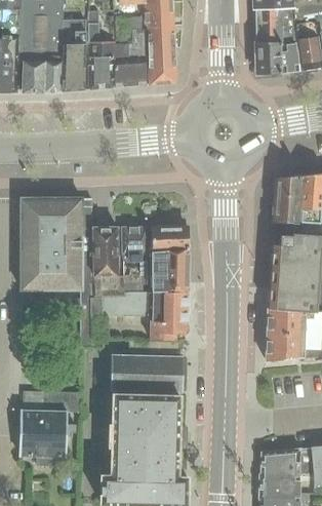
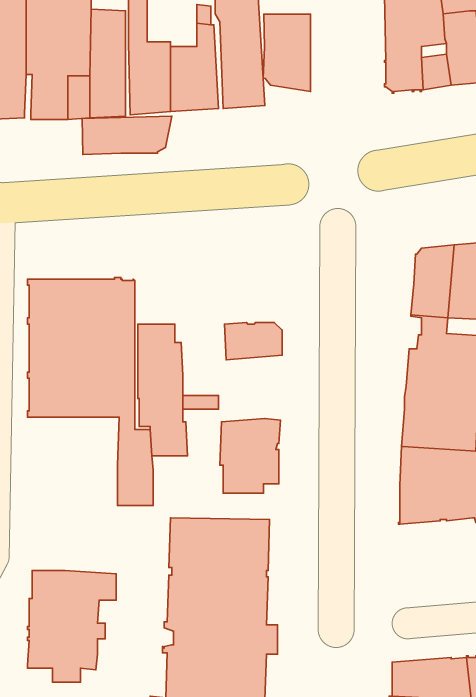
building: none -> [263,14,311,91]
building: none -> [82,116,172,154]
building: [121,228,146,262] -> none
building: [151,248,188,291] -> none

